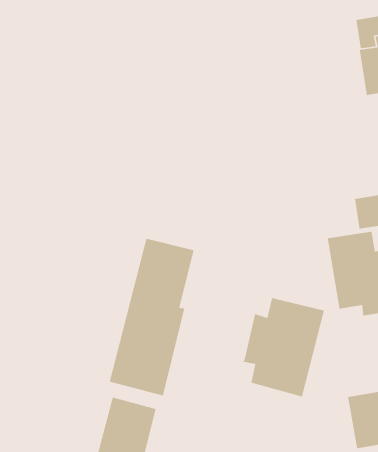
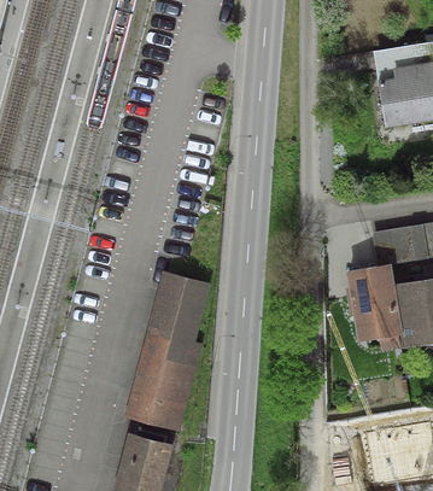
building: [242,297,325,397] -> none

